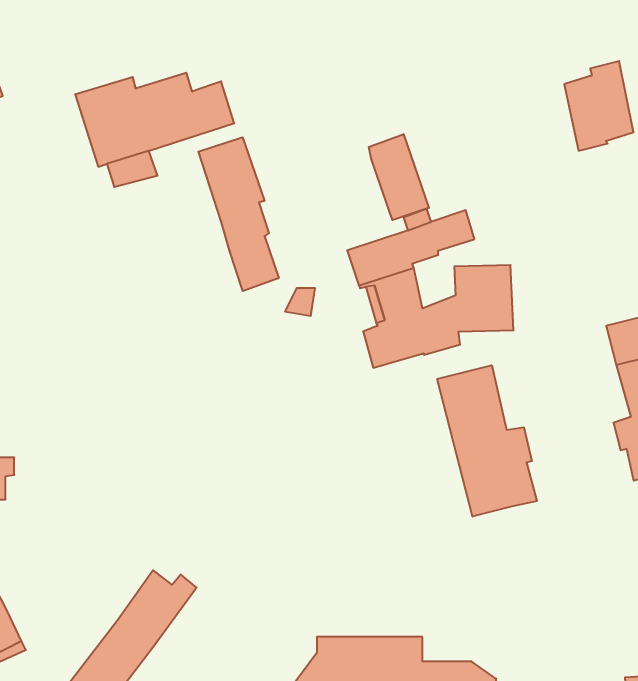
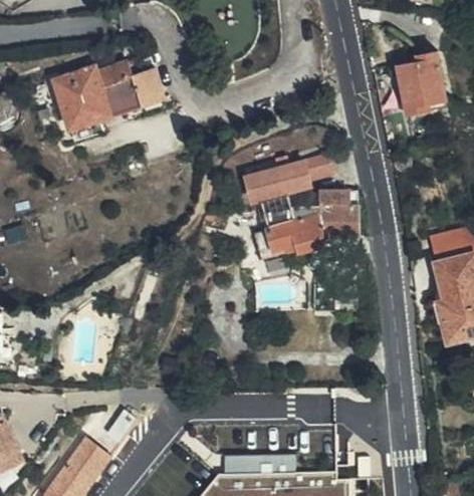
building: [369,134,429,220] -> none
building: [198,137,279,291] -> none
building: [437,365,537,517] -> none

